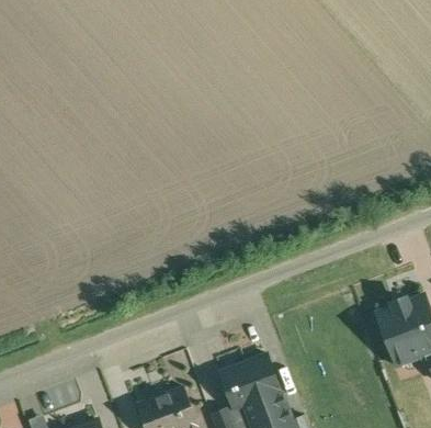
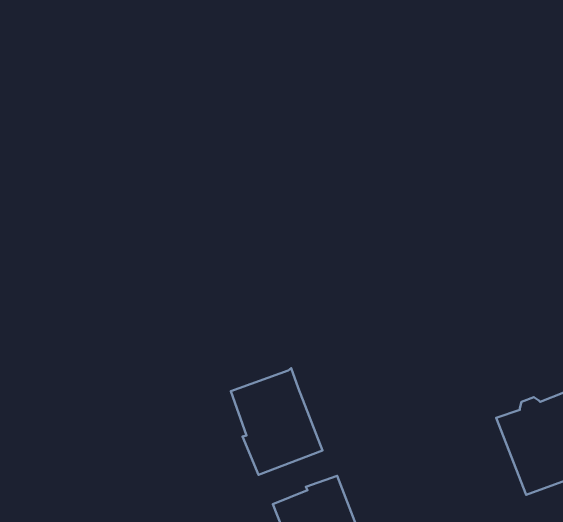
building: none -> [231,368,323,475]

